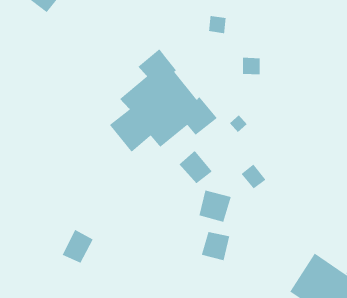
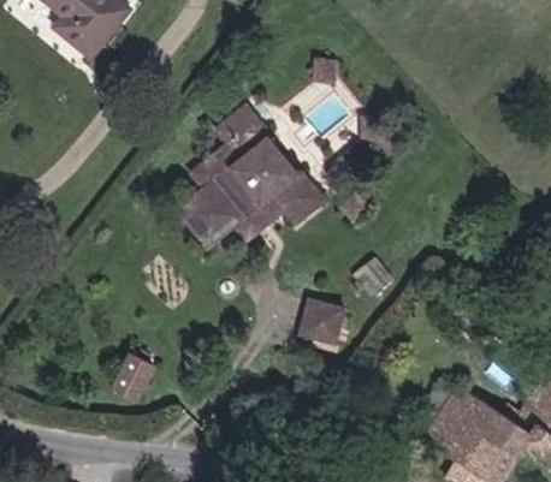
building: [179,150,213,184] -> none
building: [201,231,230,261] -> none

